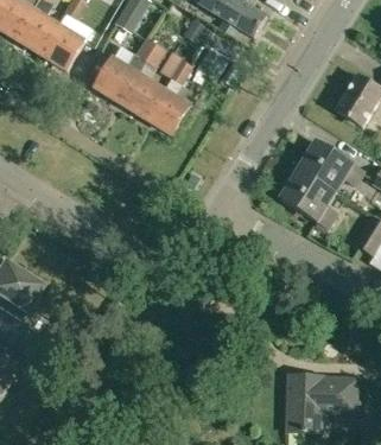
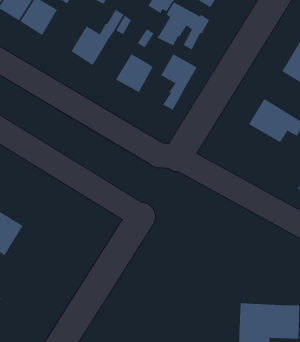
building: [120,72,163,117] -> none
building: none -> [160,54,198,110]
building: [279,169,335,225] -> none

